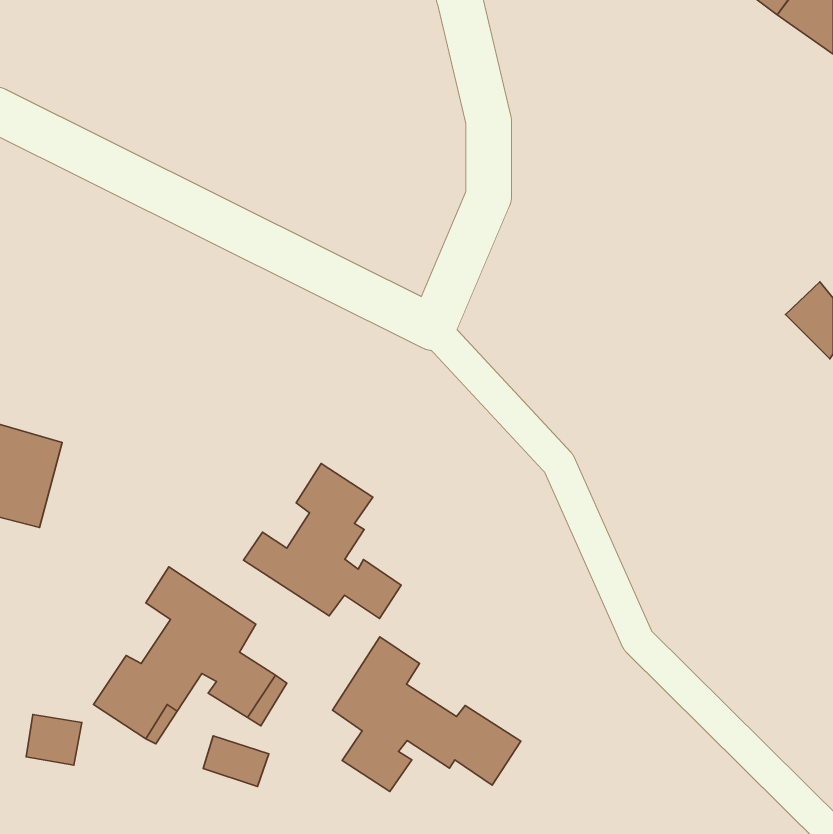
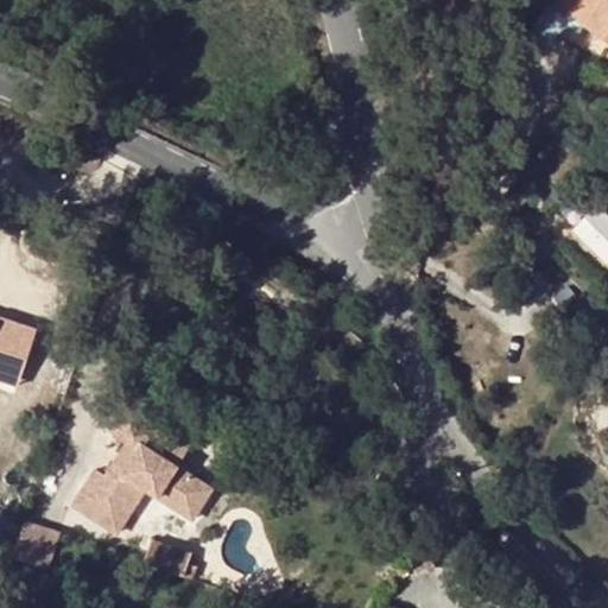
building: [244,464,401,619] -> none
building: [333,637,521,792] -> none

